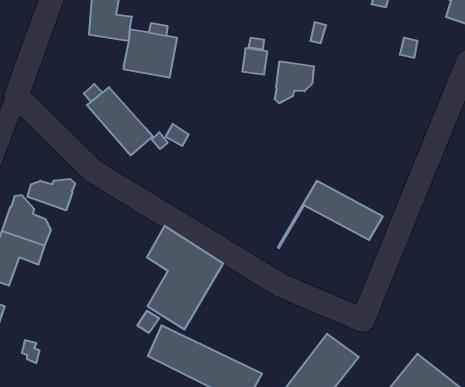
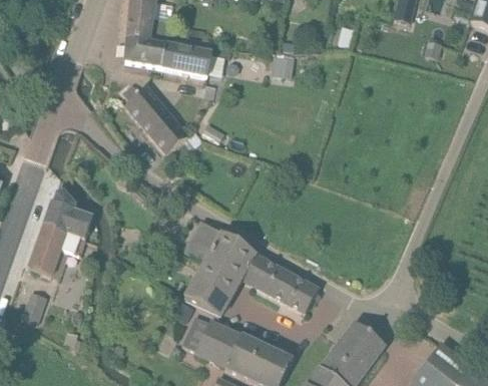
building: none -> [125,37,165,67]
building: [275,61,314,103] -> none
building: [28,179,75,210] -> none
building: [278,181,383,248] -> [218,256,319,320]

